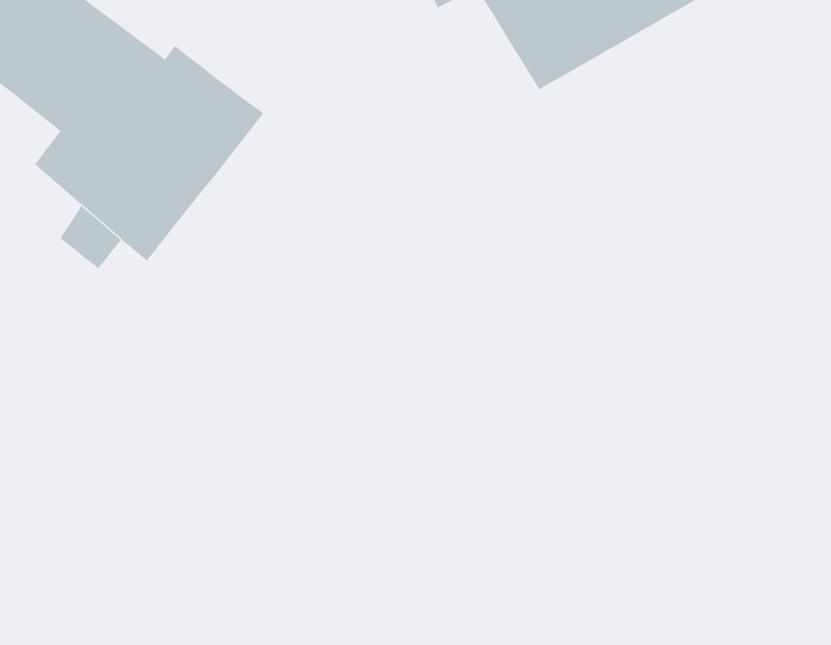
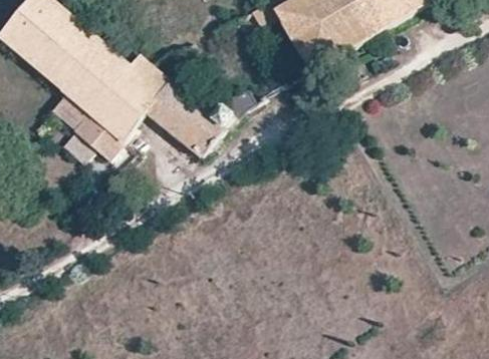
building: none -> [143,79,250,155]

